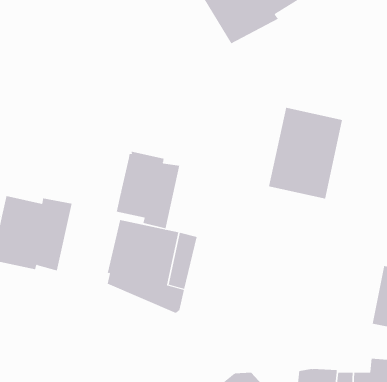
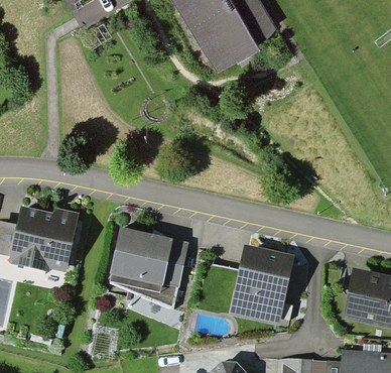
building: [268,107,343,199] -> [229,244,294,325]
building: [116,151,180,229] -> none

